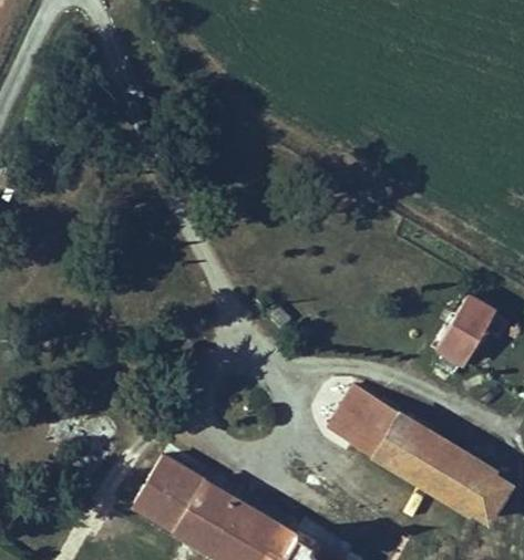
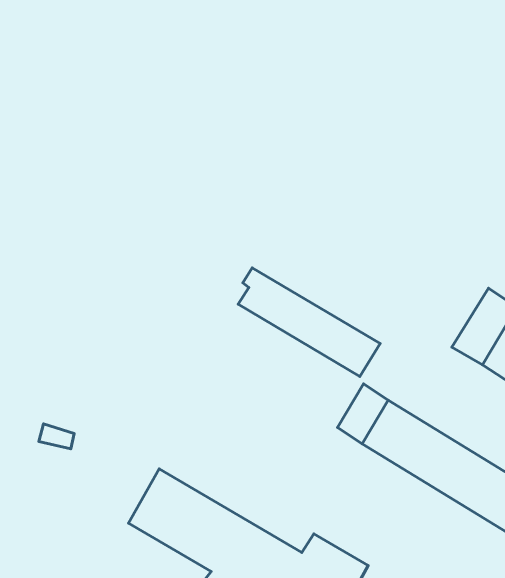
building: none -> [238,268,380,377]

